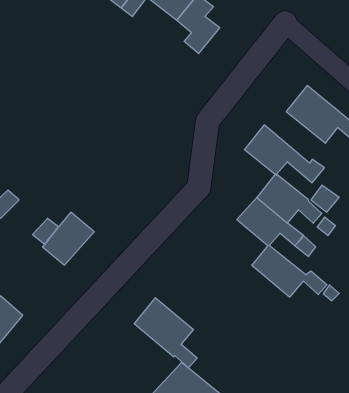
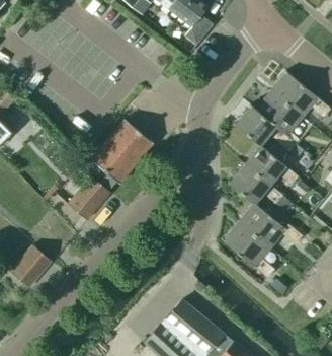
building: none -> [255,92,301,135]
building: none -> [86,119,153,189]
building: [134,298,197,368] -> [223,219,274,277]

